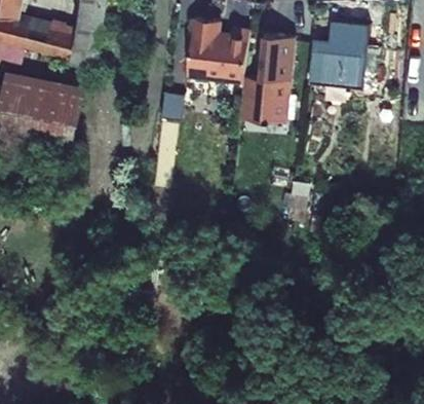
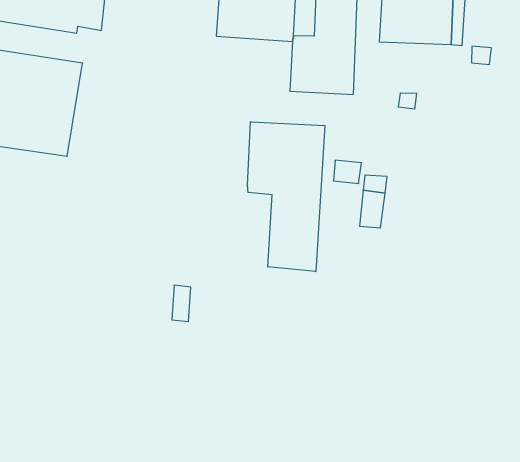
building: none -> [248,122,325,272]

